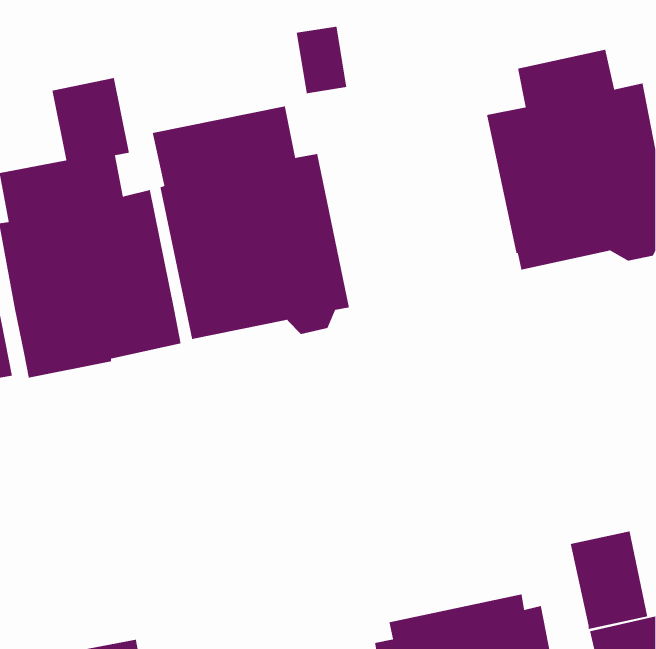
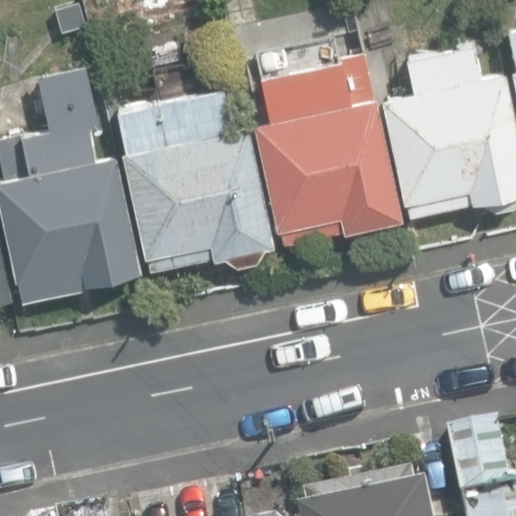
building: none -> [255,59,401,248]

